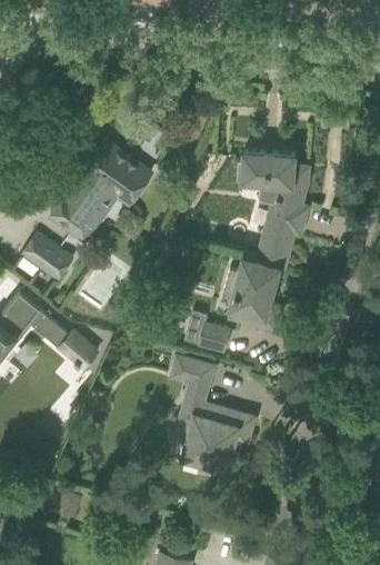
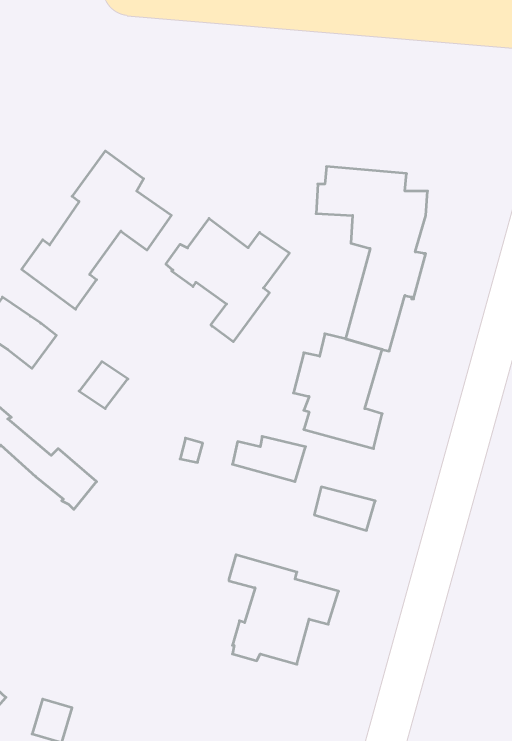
building: none -> [166,218,289,342]
building: [173,357,212,385] -> [314,487,375,530]

